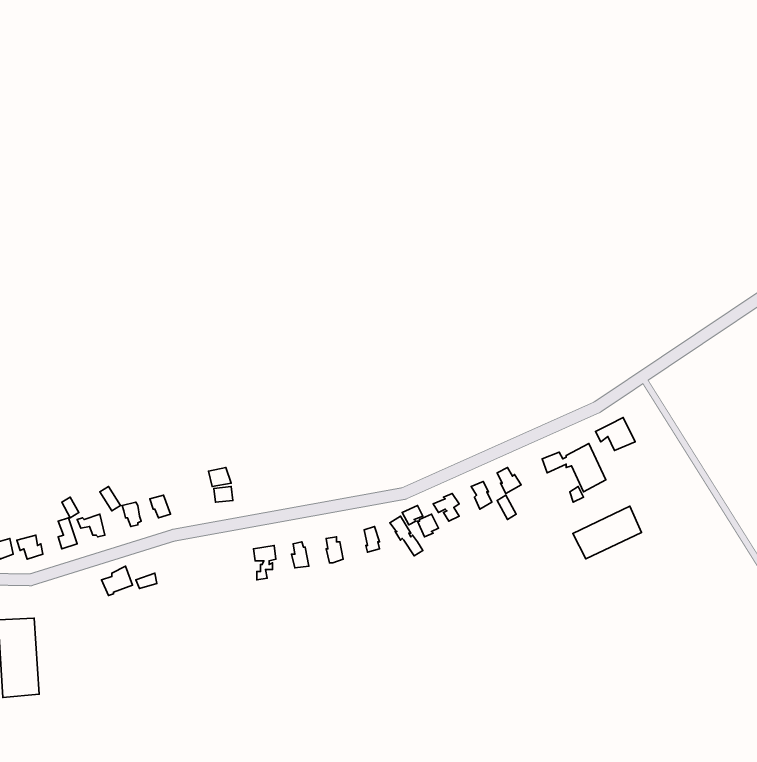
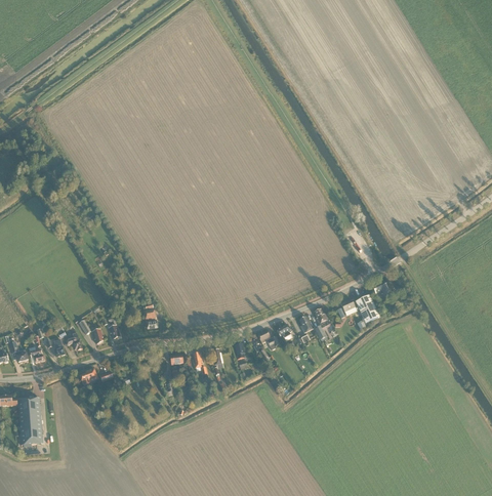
building: [573,506,641,559] -> none

